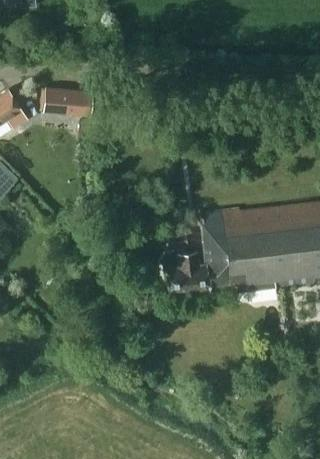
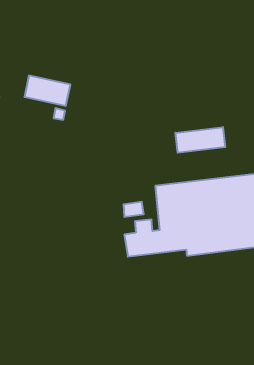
building: none -> [175,127,225,153]

